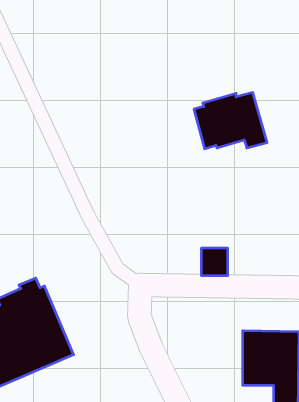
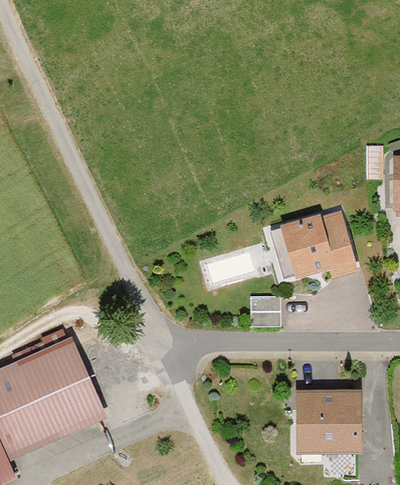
building: [194,93,267,149] -> [272,213,356,277]

